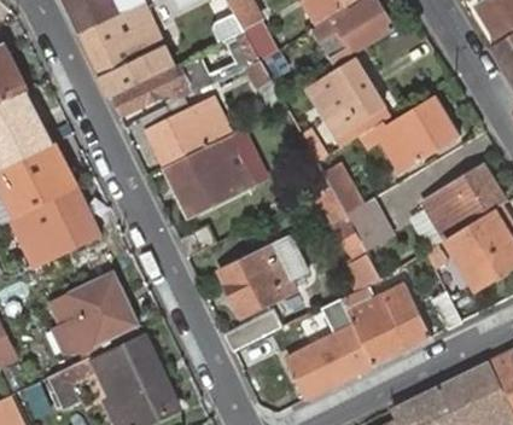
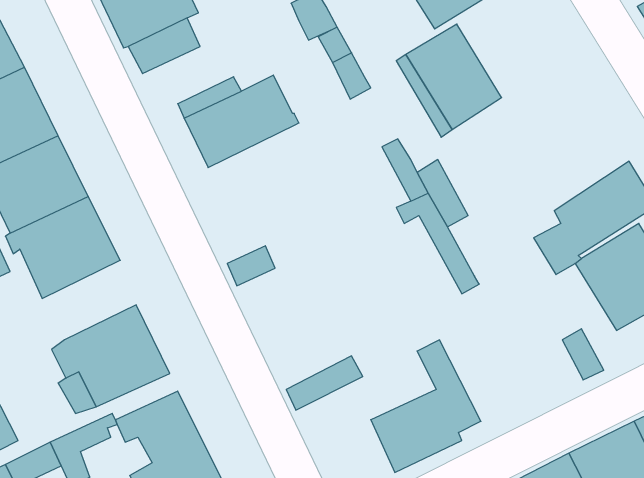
building: [115,57,212,116] -> none
building: [357,95,457,171] -> none
building: [164,135,256,217] -> none
building: [345,198,391,250] -> none
building: [220,237,305,315] -> none
building: [339,283,431,366] -> none

